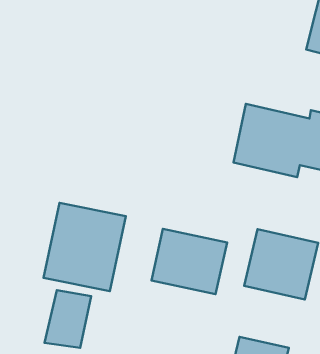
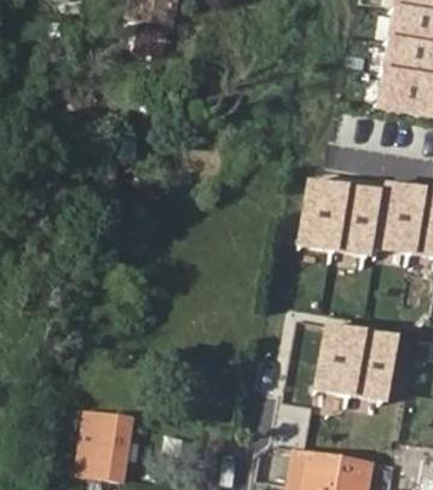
building: [44,203,126,291] -> none
building: [151,229,227,294] -> none

